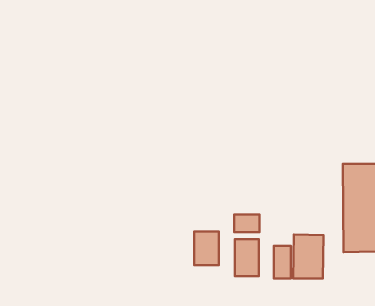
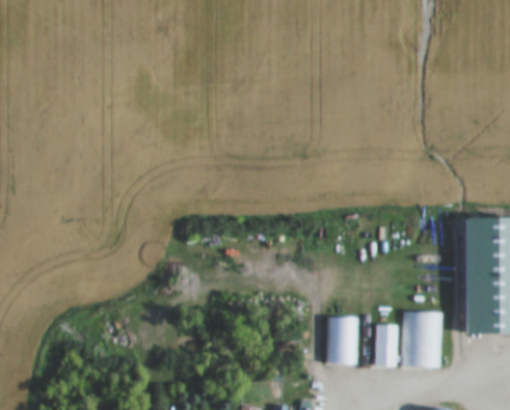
building: [234,214,260,232] -> none
building: [194,231,219,265] -> none

